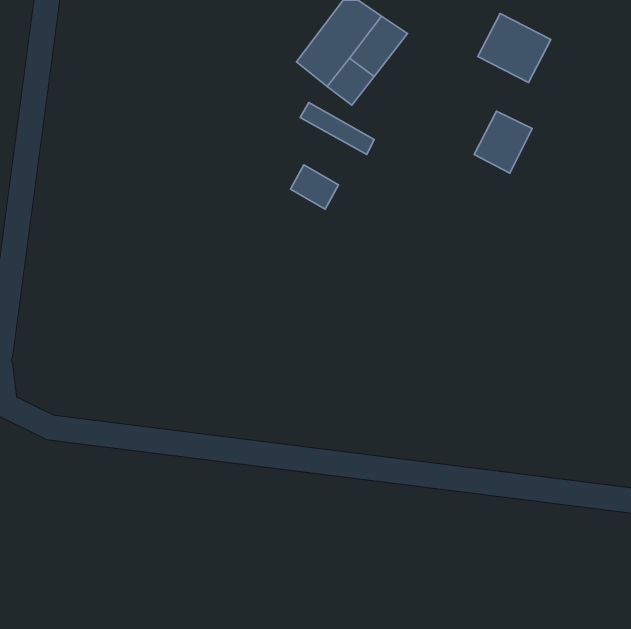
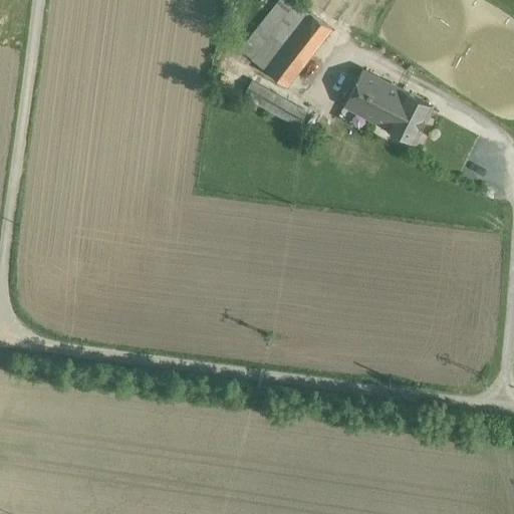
building: [478,13,551,83] -> [344,71,404,127]
building: [290,165,339,209] -> none

